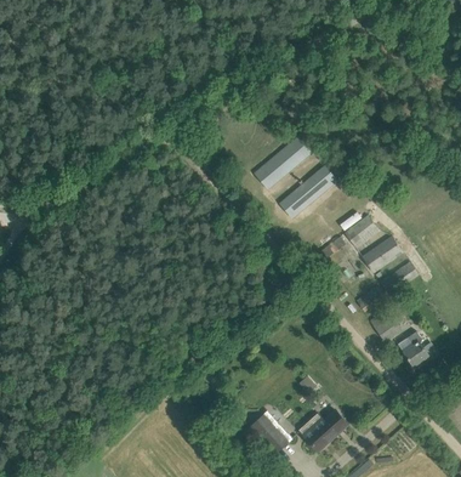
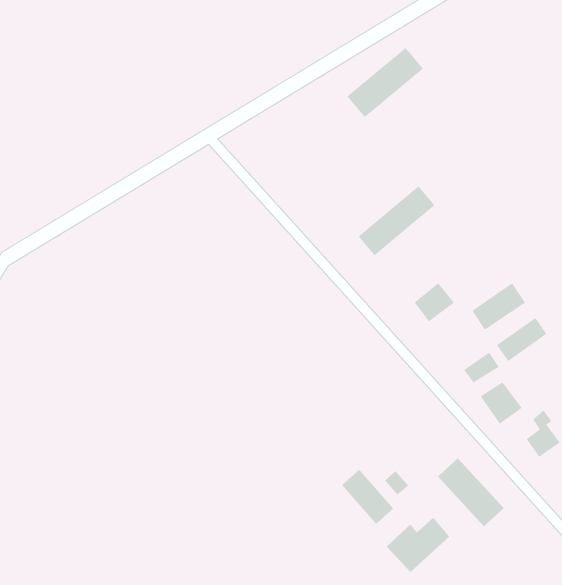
building: [254,136,311,188] -> [347,47,424,118]
building: [345,215,379,248] -> none
building: none -> [437,458,504,527]
building: [250,413,289,454] -> [341,469,394,525]

